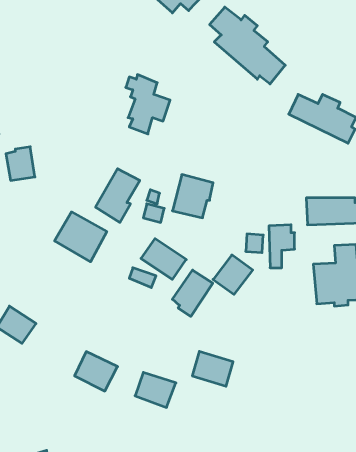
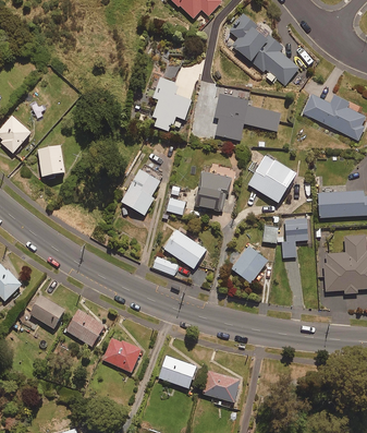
building: none -> [213,94,281,141]
building: none -> [247,155,295,202]
building: [55,212,107,262] -> none
building: [172,270,213,316] -> none
building: none -> [64,309,105,347]
building: [192,351,233,386] -> [201,370,240,402]

